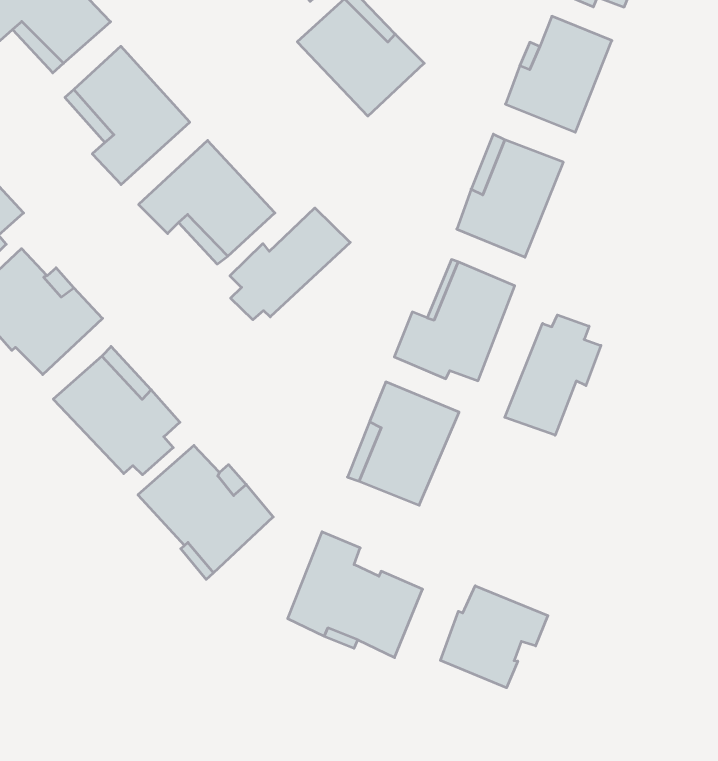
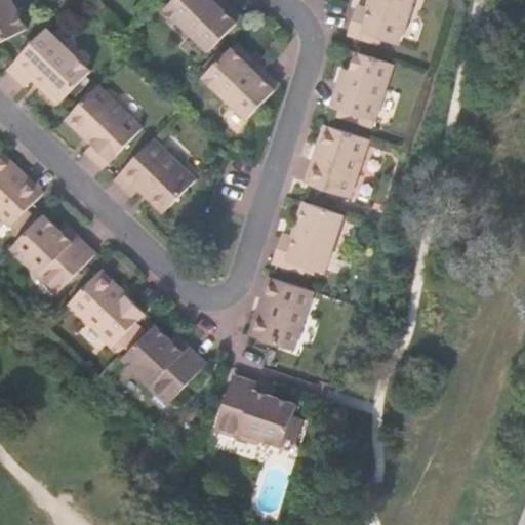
building: [230,208,350,320] -> none
building: [505,315,601,435] -> none
building: [440,586,548,688] -> none

